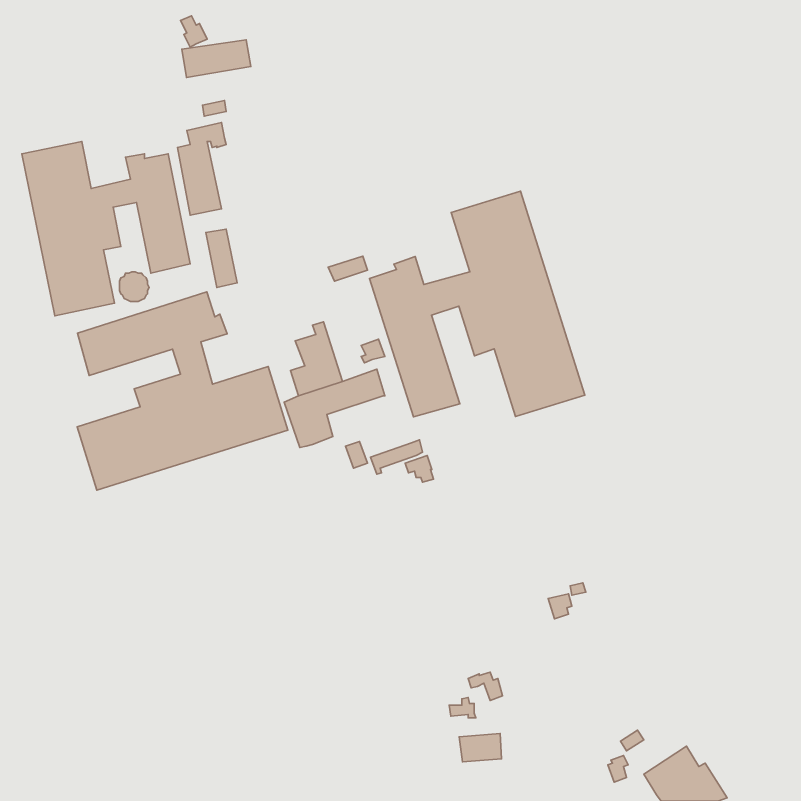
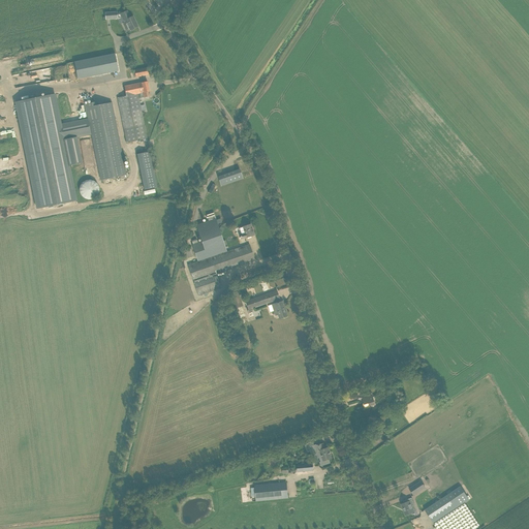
building: [182,40,251,78] -> [72,53,118,77]
building: [369,191,585,417] -> none
building: [77,292,288,490] -> none
building: [459,734,502,762] -> [253,481,281,500]

